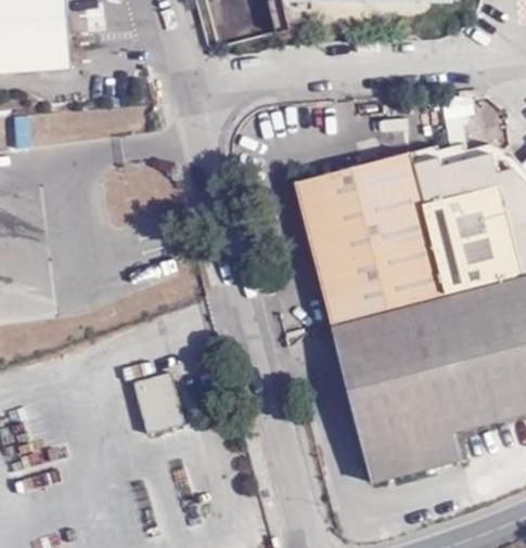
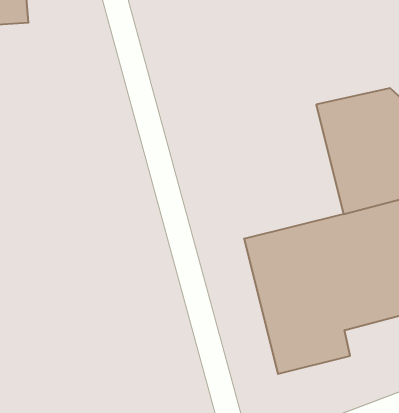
building: [293,151,448,324] -> none
building: [130,370,180,431] -> none

